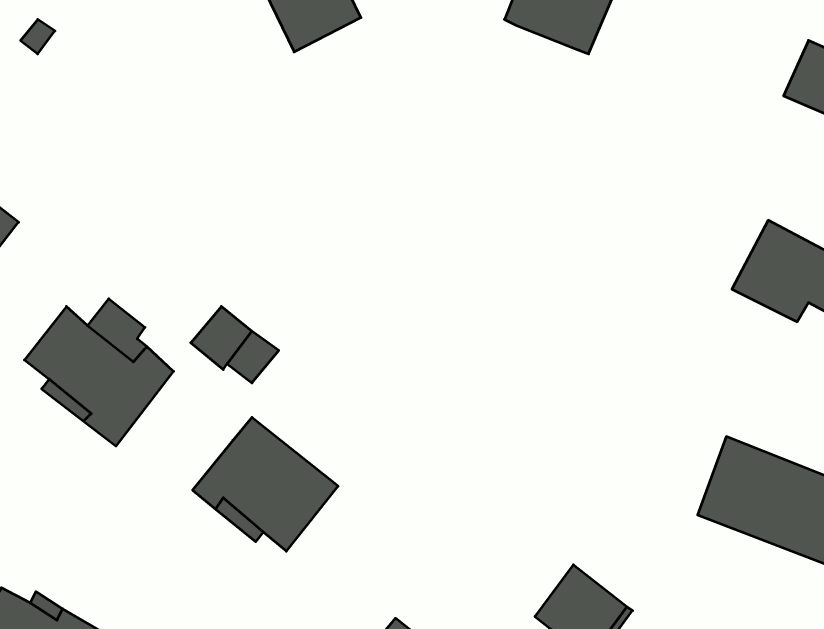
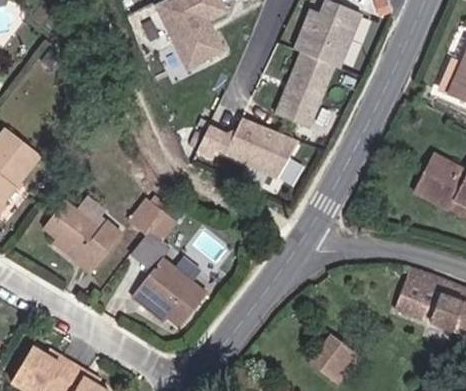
building: none -> [275,53,333,129]
building: none -> [194,117,297,177]
building: none -> [130,230,171,270]

